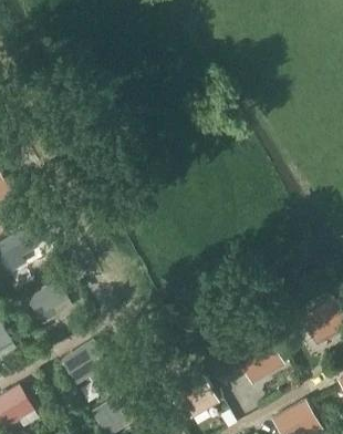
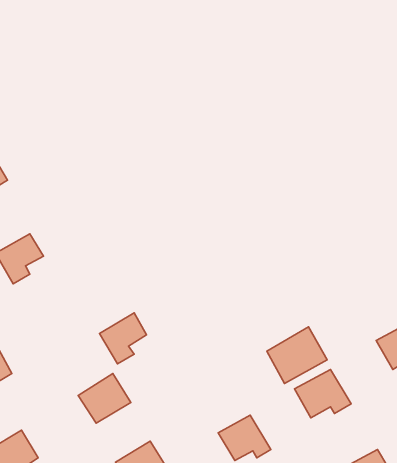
building: [30,283,67,324] -> [99,313,147,364]
building: none -> [267,327,327,383]

